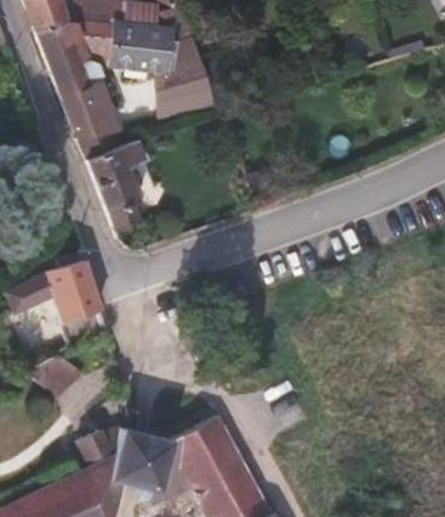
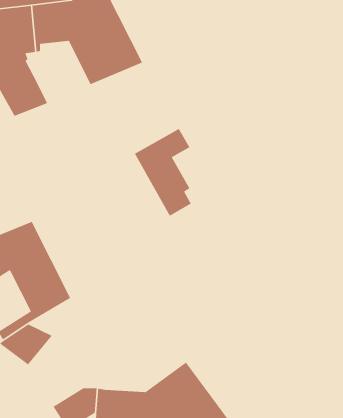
building: [89,140,147,228] -> [134,128,192,217]

